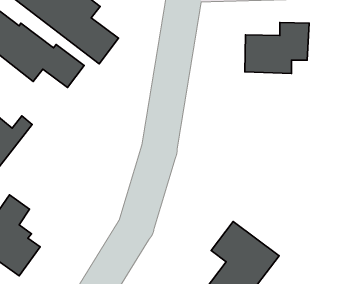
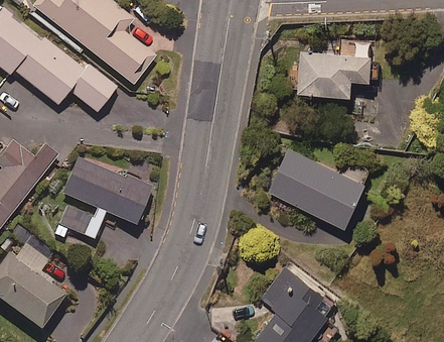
building: none -> [268,147,374,227]
building: none -> [55,159,150,238]

